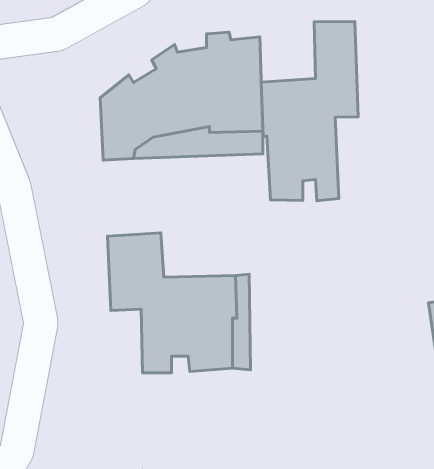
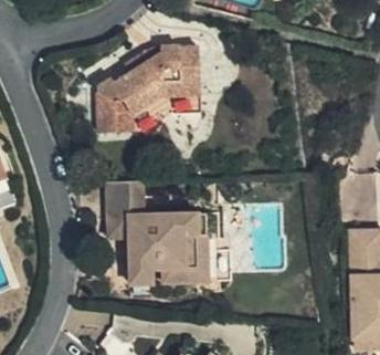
building: [261,22,358,201] -> none

